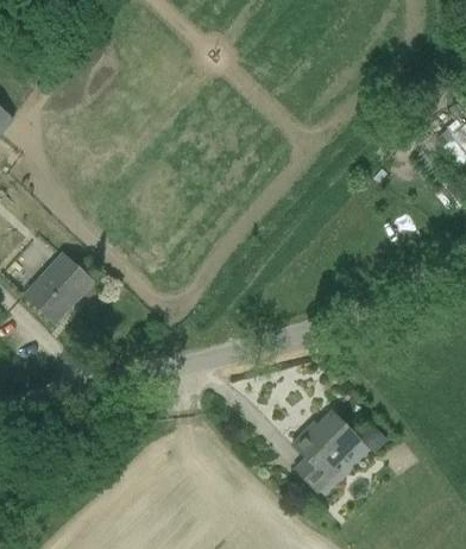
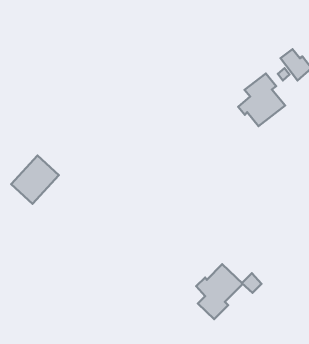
building: none -> [238,74,285,126]

